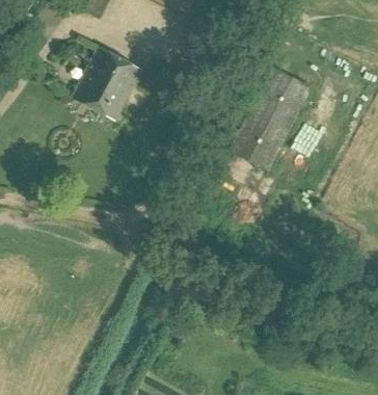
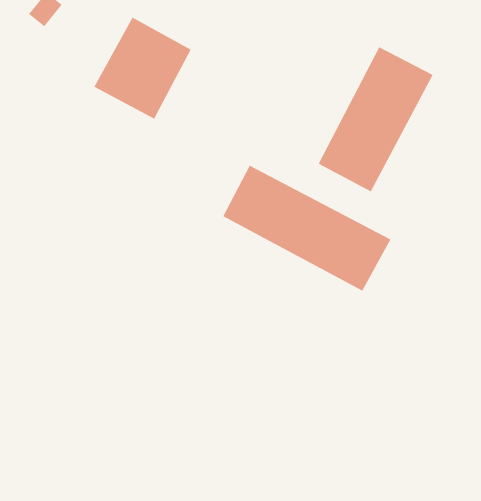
building: none -> [222,165,391,292]

